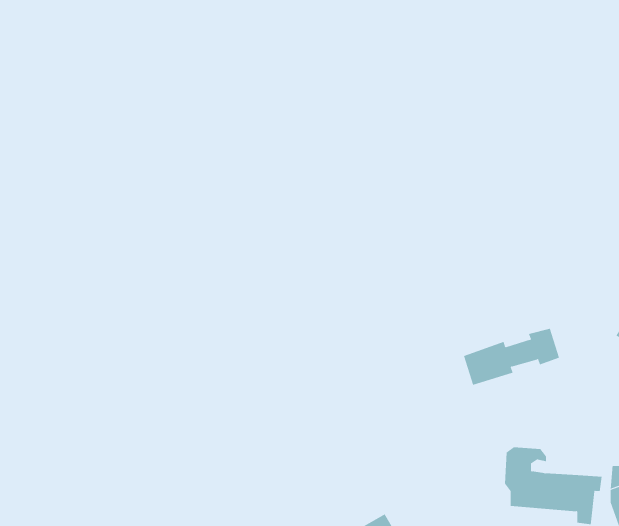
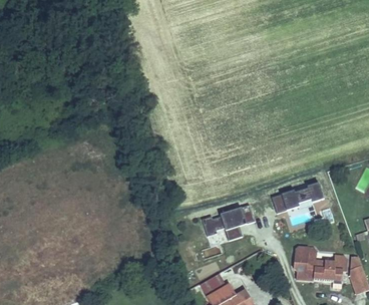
building: none -> [203,205,255,240]

